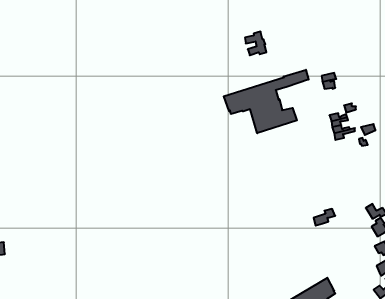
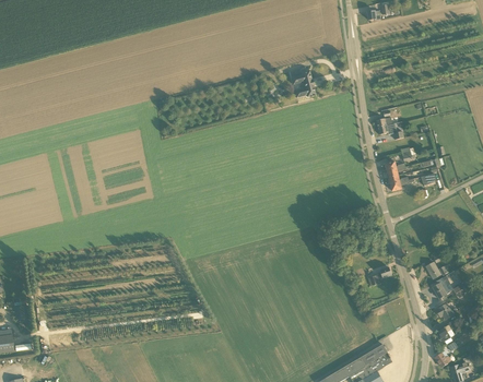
building: [224,70,309,133] -> none

